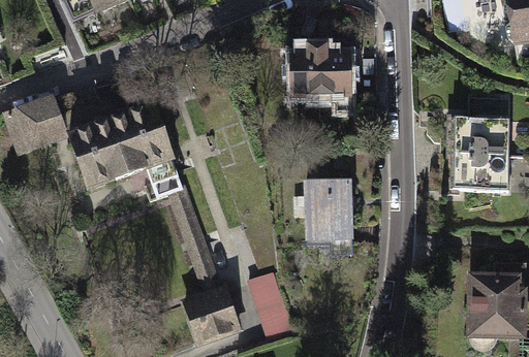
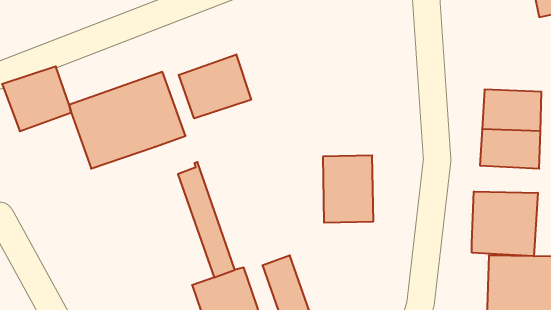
building: [290,48,365,111] -> none
building: none -> [179,54,251,118]
building: [146,158,184,198] -> none
building: none -> [472,191,538,256]

